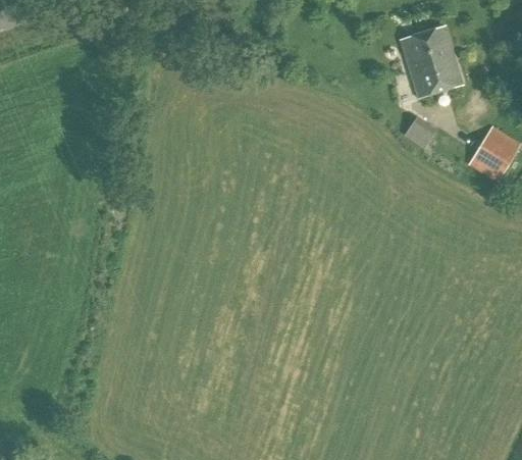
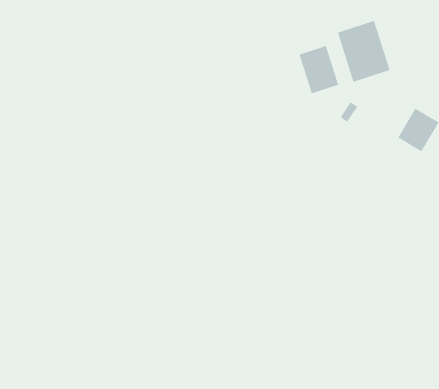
building: none -> [299,45,339,94]

